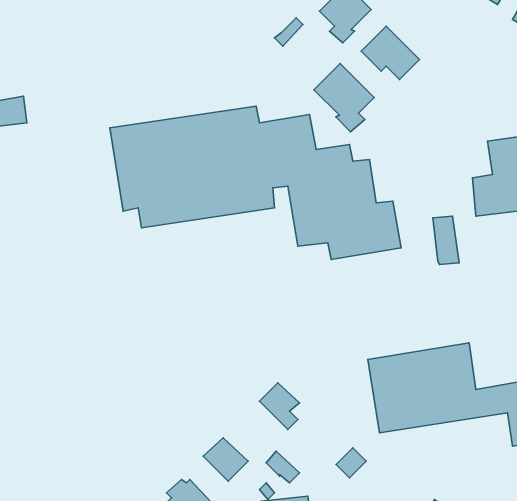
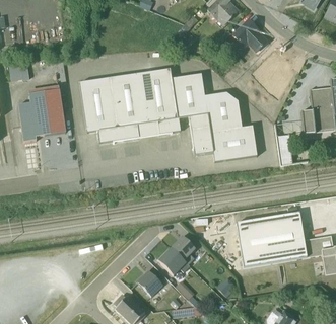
building: [314,63,374,132] -> none
building: none -> [18,88,66,142]
building: none -> [158,247,189,273]

